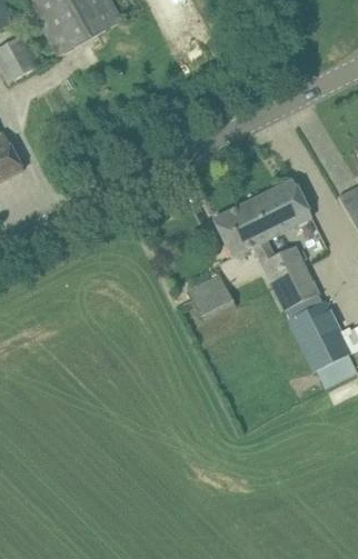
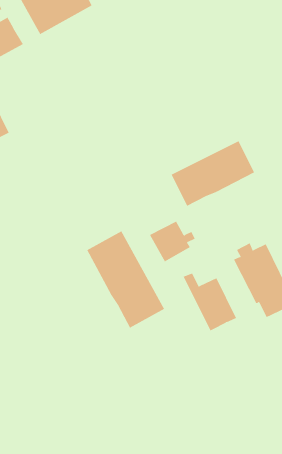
building: [255,240,318,309] -> [183,273,237,331]
building: none -> [86,231,165,328]

